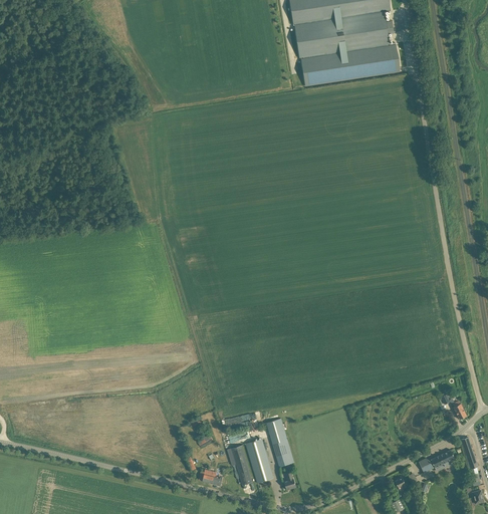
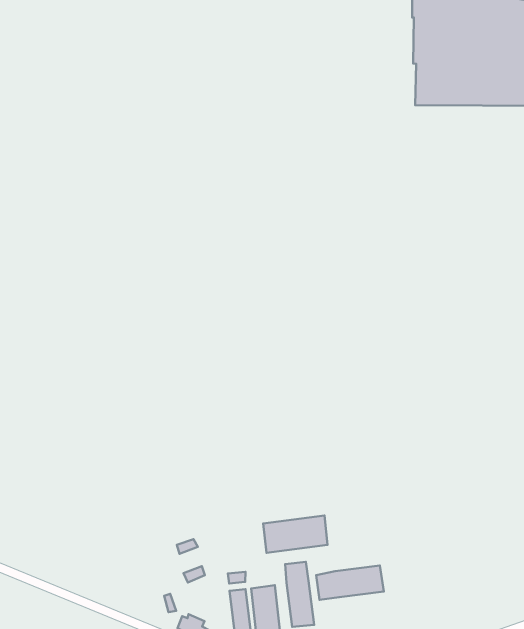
building: none -> [263,516,328,553]
building: none -> [316,565,384,600]

